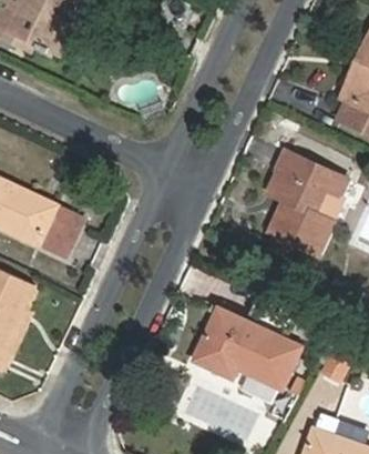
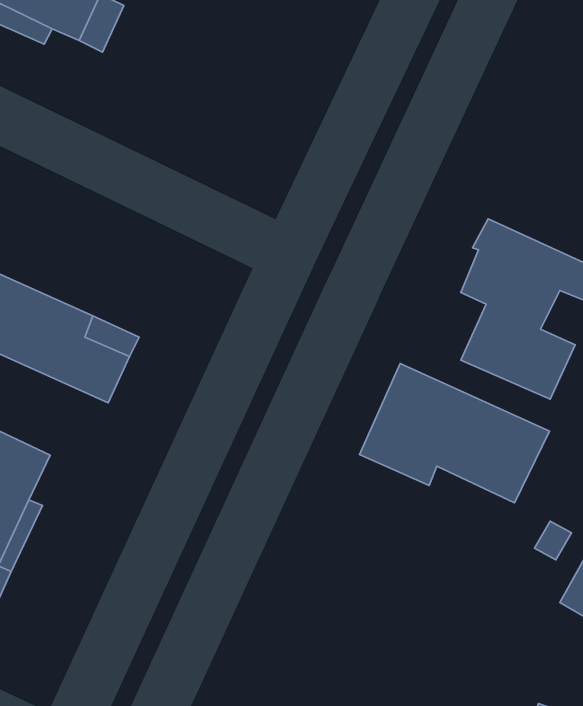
building: [193,307,301,387] -> [359,363,549,503]

